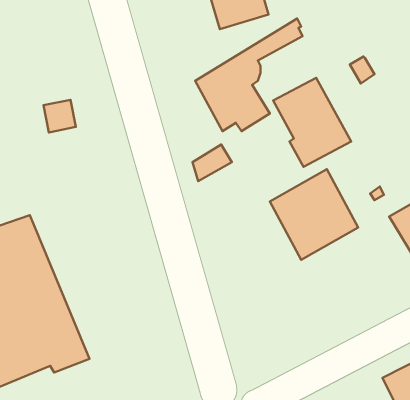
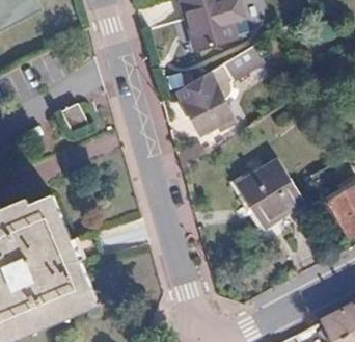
building: [273,78,351,167] -> none

